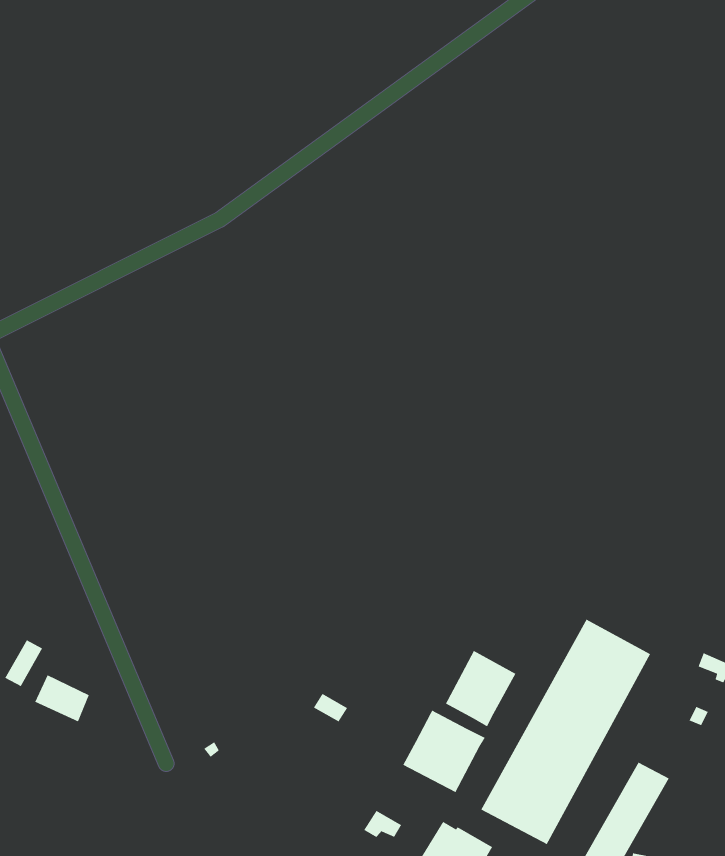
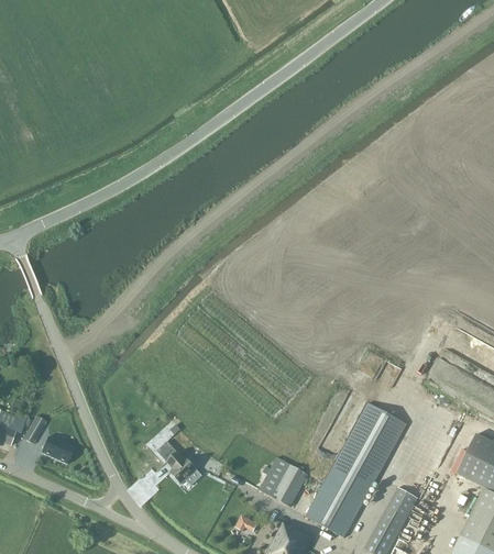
building: [445,650,516,727] -> none
building: none -> [156,441,196,484]

